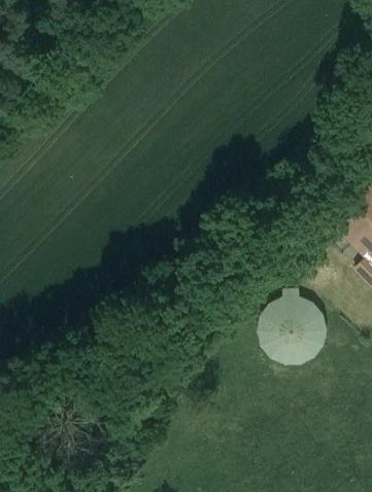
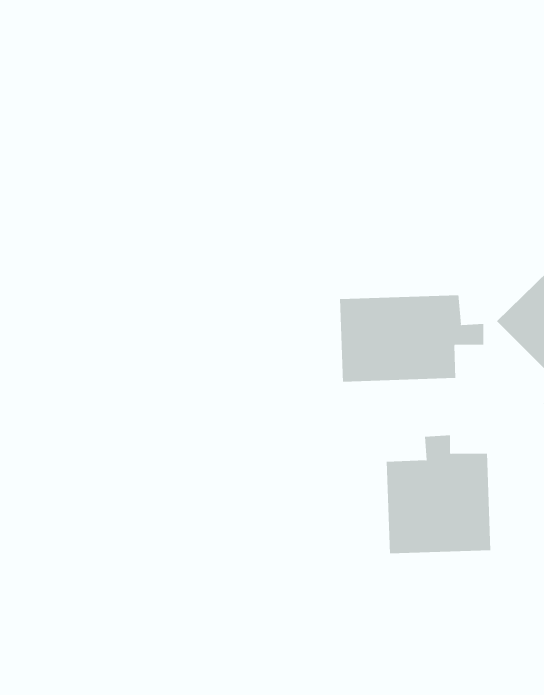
building: none -> [339,294,484,382]

